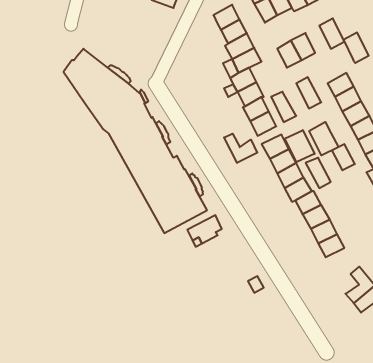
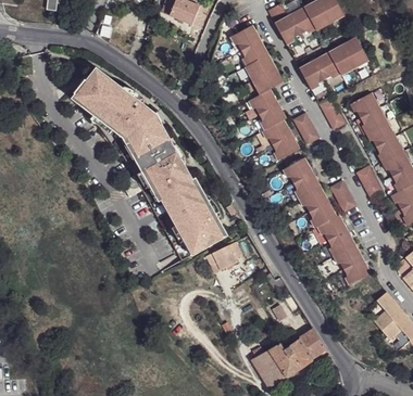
building: [344,33,369,63] -> [329,44,355,76]
building: [309,122,338,155] -> none
building: [285,130,315,162] -> none
building: [224,134,257,163] -> none
building: none -> [251,329,326,386]

